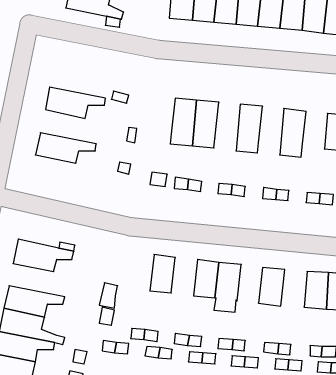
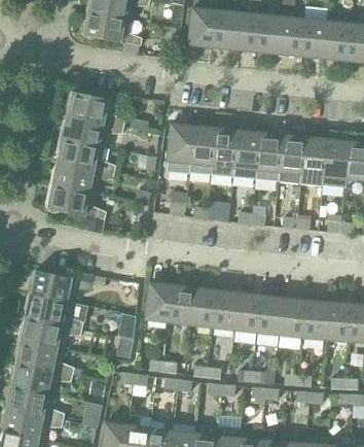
building: none -> [67,91,124,126]
building: none -> [166,123,194,174]
building: none -> [233,130,260,179]
building: none -> [278,134,304,183]
building: none -> [58,137,115,172]
building: none -> [322,139,349,187]
building: none -> [47,183,106,233]
building: none -> [145,281,173,321]
building: none -> [190,287,217,326]
building: none -> [26,294,83,328]
building: none -> [256,295,283,345]
building: none -> [301,300,328,338]

